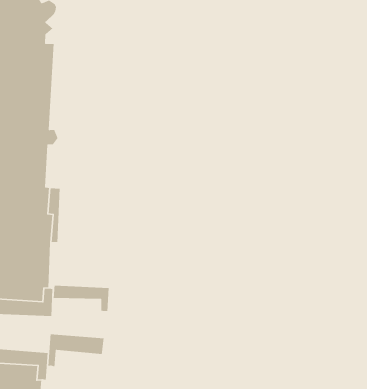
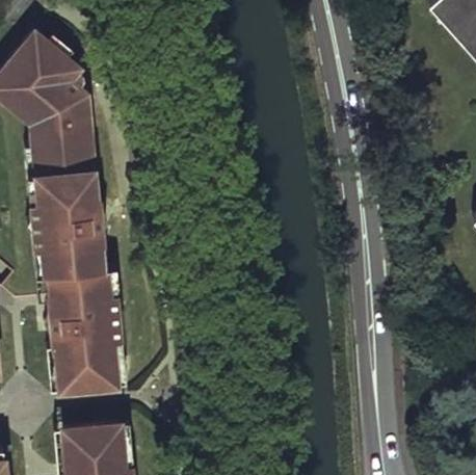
building: [53,285,109,312] -> none
building: [48,334,105,367] -> none

